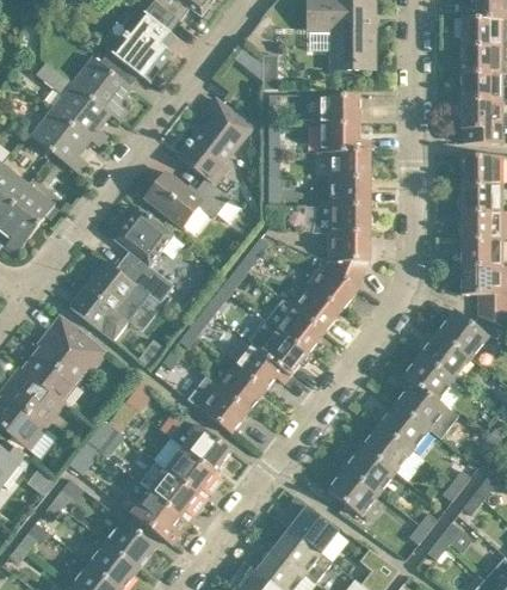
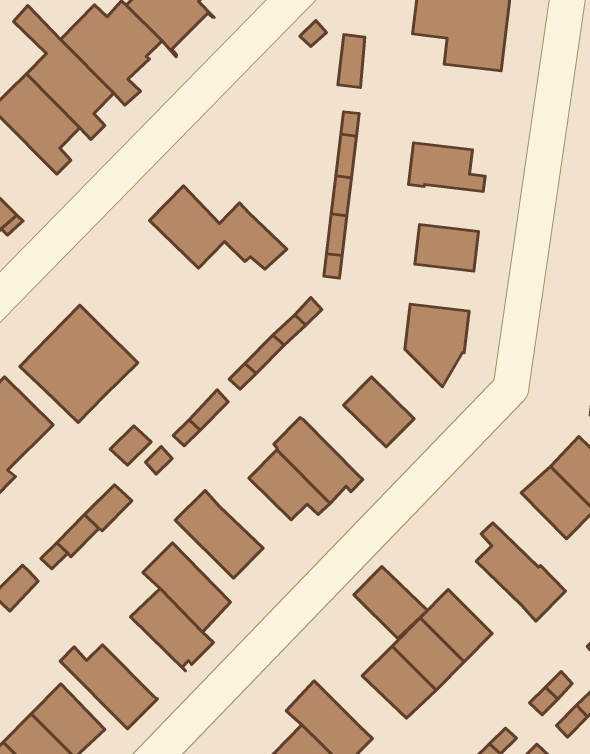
building: [319,94,359,123] -> none
building: [179,99,251,184] -> none
building: [329,150,370,178] -> none
building: [313,205,372,233] -> none
building: [113,207,174,303] -> none
building: [309,263,359,311] -> none
building: [266,299,324,354] -> none
building: [403,352,455,401] -> none
building: [216,364,266,411] -> none
building: [378,402,429,450] -> [354,566,427,639]
building: [138,460,206,521] -> none

